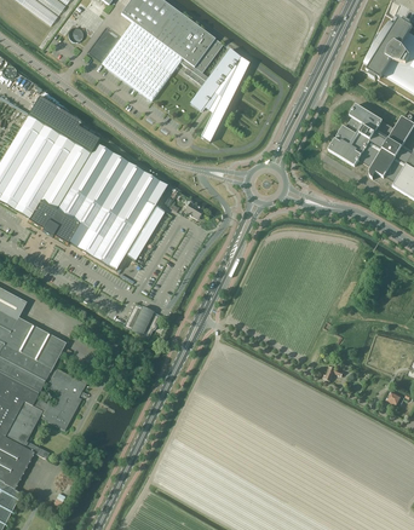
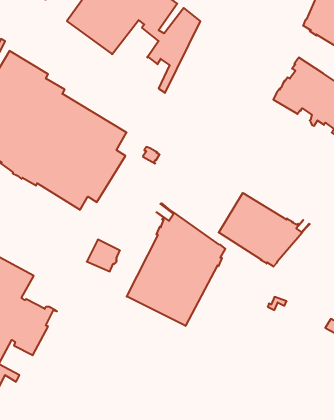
building: none -> [219,193,310,267]
building: none -> [127,203,225,326]

